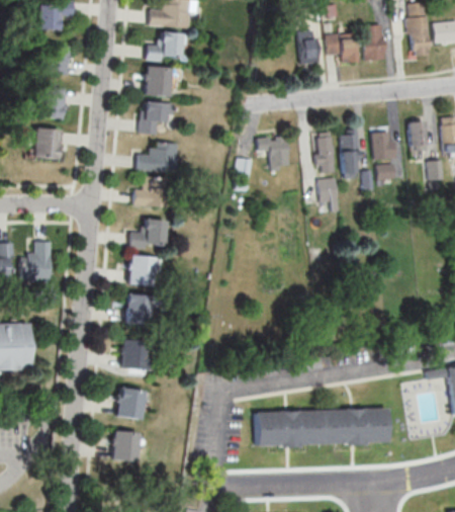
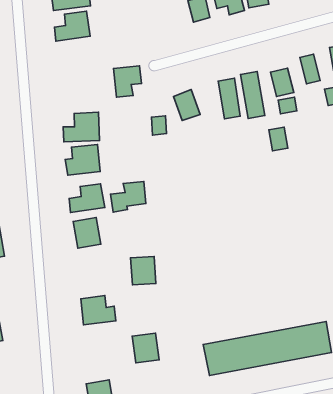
building: [149,67,174,95] -> none
building: [142,101,172,134] -> [113,66,142,97]
building: [316,178,334,201] -> [269,127,288,151]
building: none -> [111,182,146,212]
building: [127,293,156,326] -> [131,257,156,285]
building: [120,389,147,419] -> [132,333,159,363]

